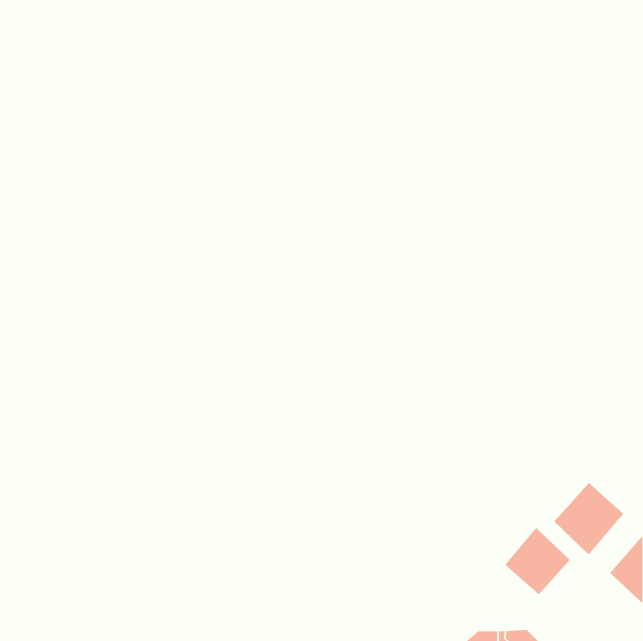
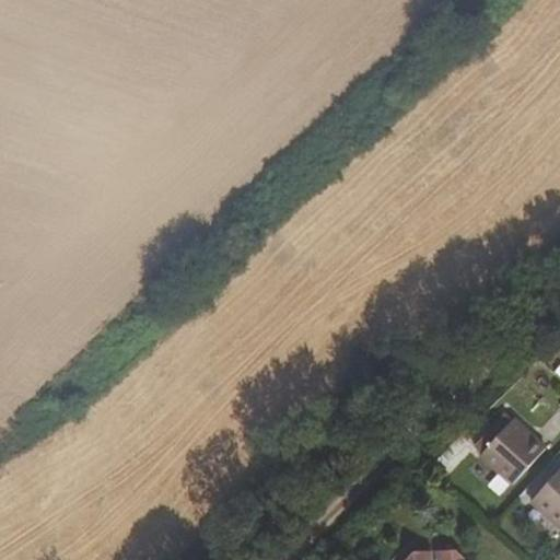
building: [505,527,571,595] -> none

